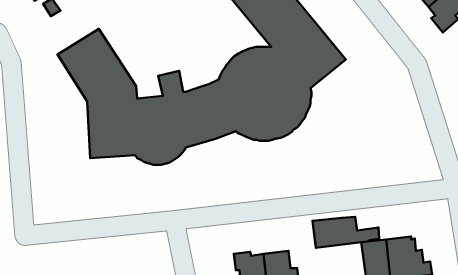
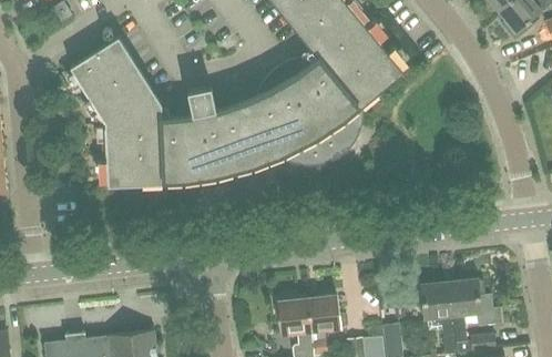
building: [313,217,379,248] -> none

